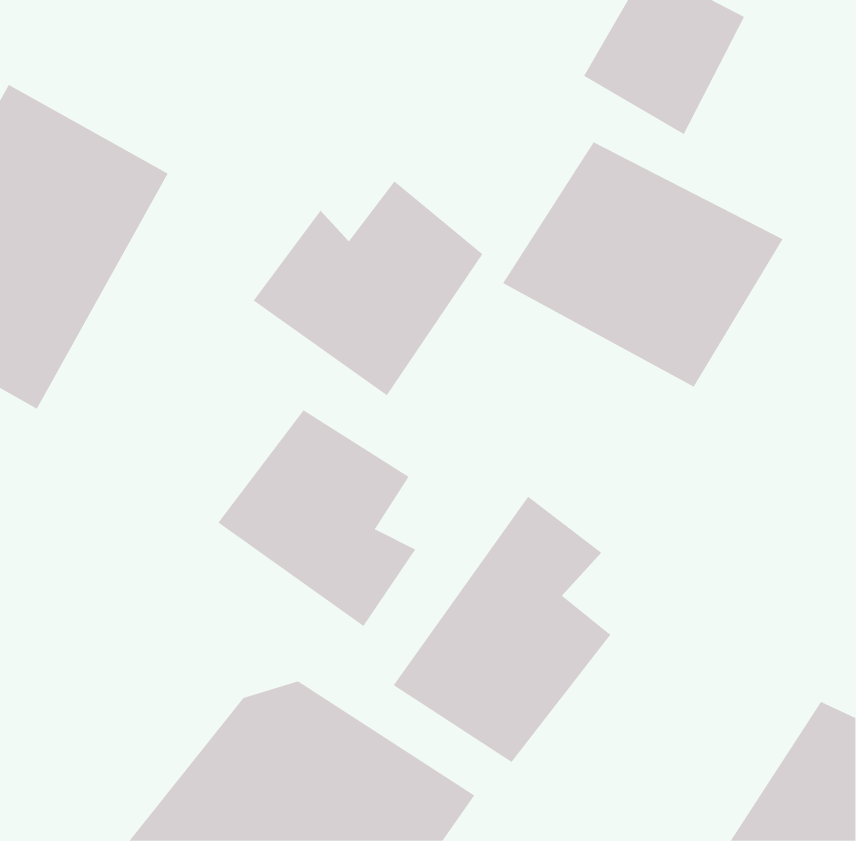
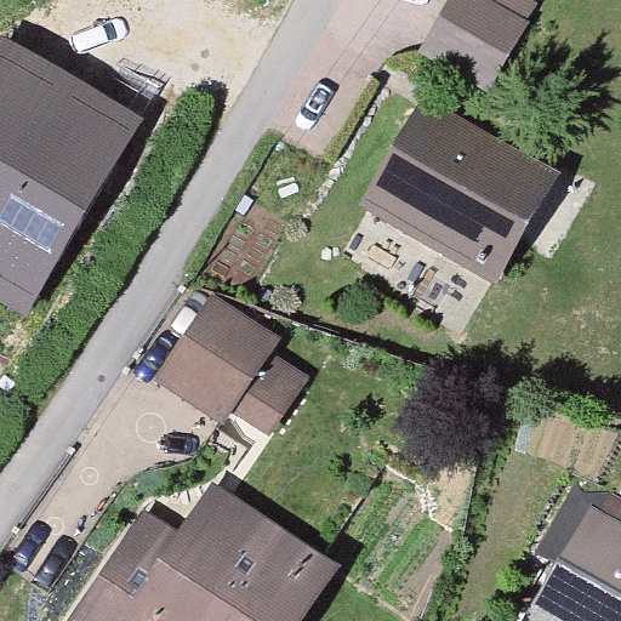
building: [253,181,483,396] -> none
building: [393,496,611,763] -> none

